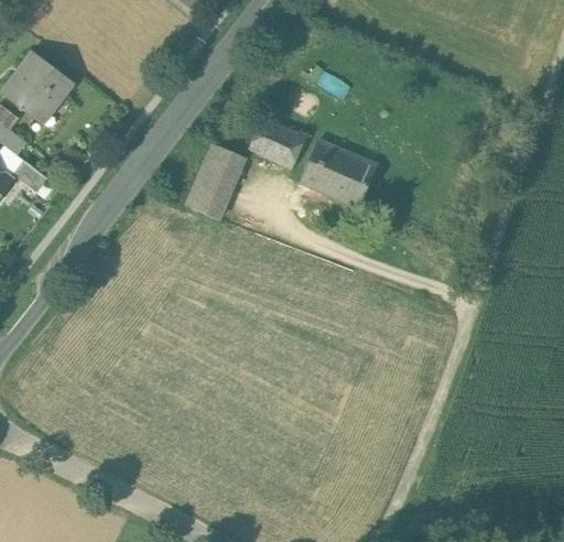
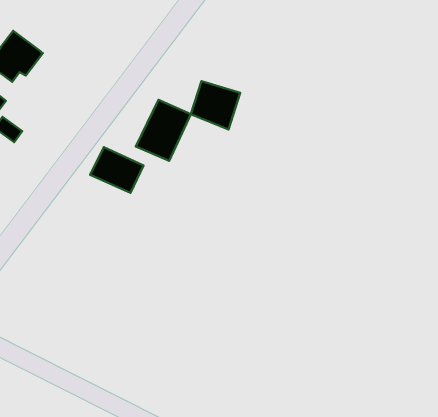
building: [301,136,381,207] -> none
building: none -> [90,147,144,193]

